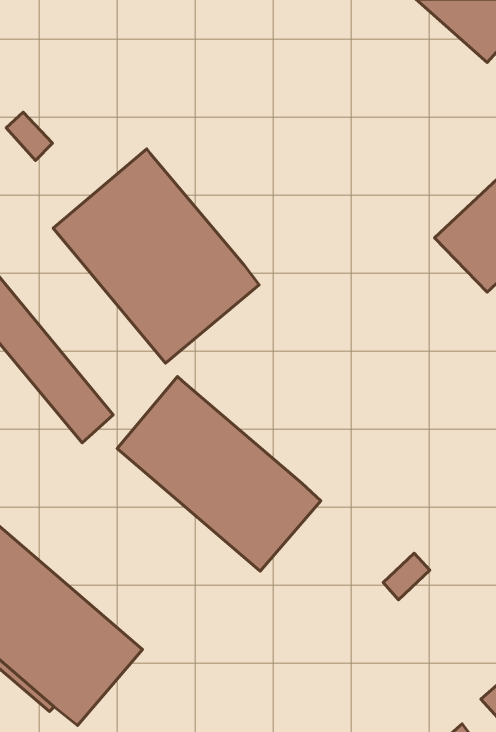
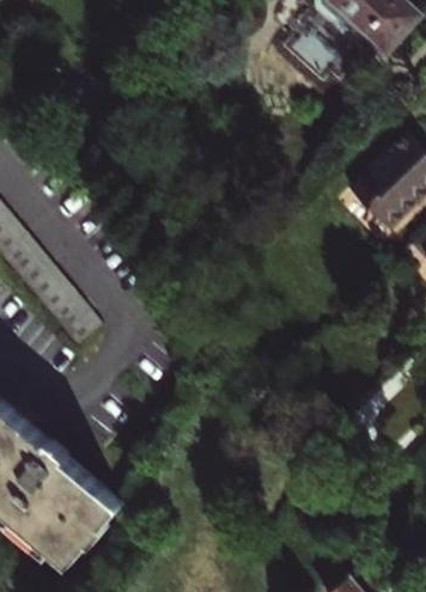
building: [53,149,259,363] -> none
building: [117,377,321,571] -> none

